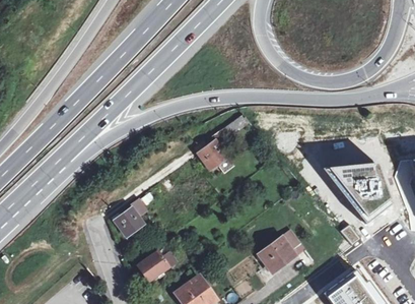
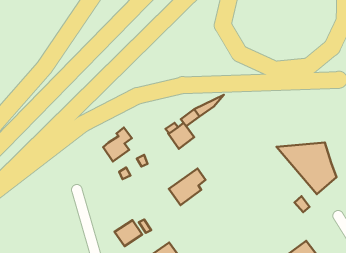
building: [116,198,148,237] -> [103,127,132,161]
building: [259,230,300,271] -> [169,168,206,205]

